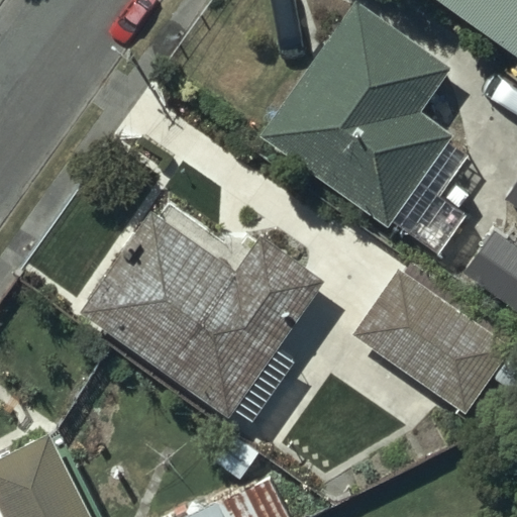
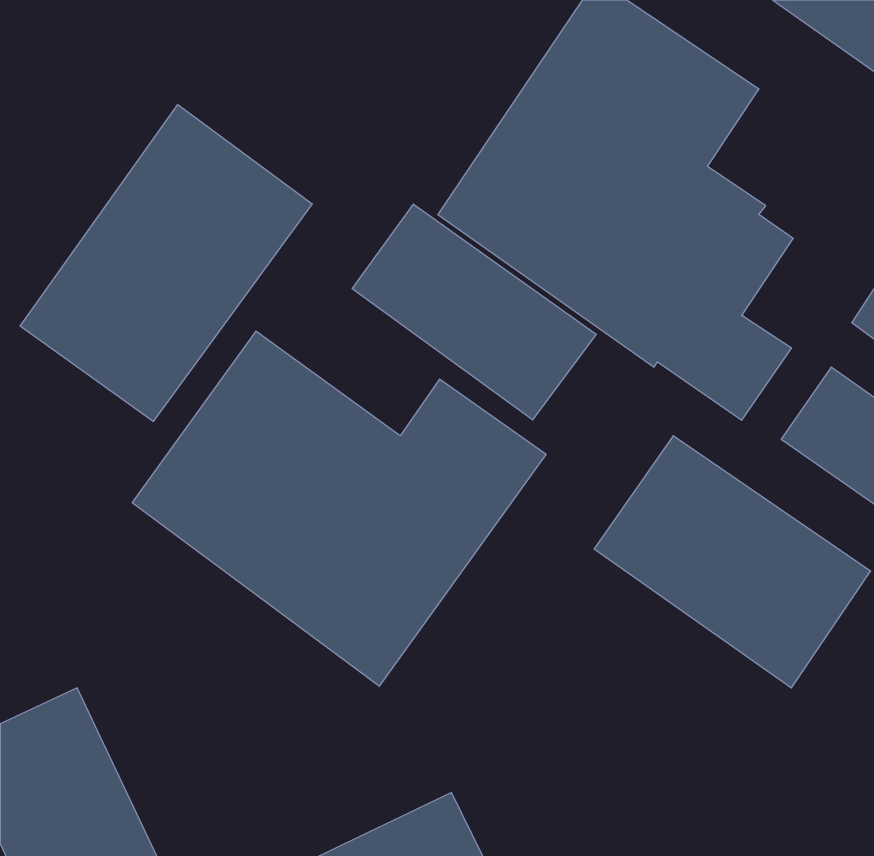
building: none -> [20,105,312,422]
building: none -> [352,204,596,420]

